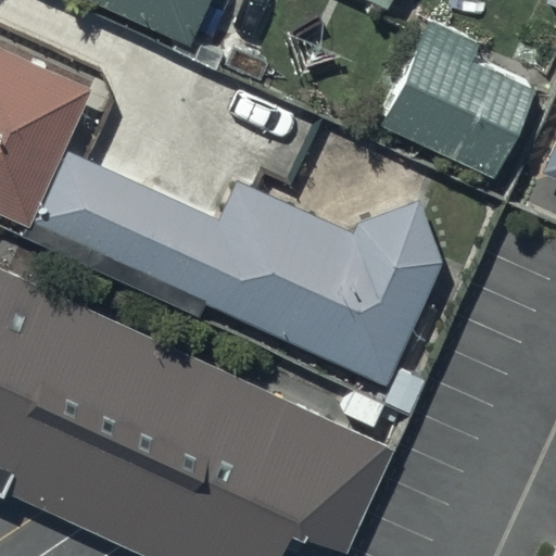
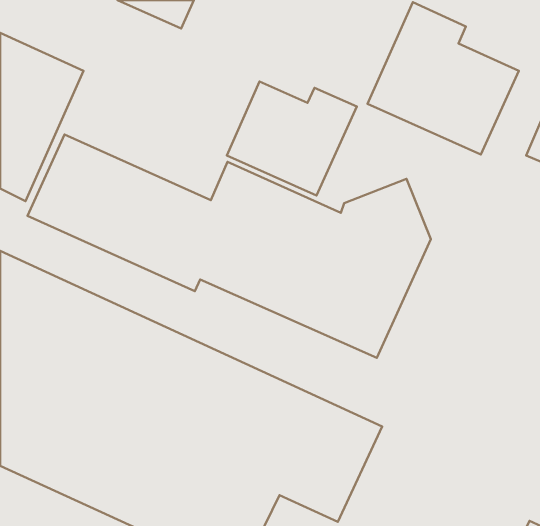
building: none -> [227,82,357,196]

